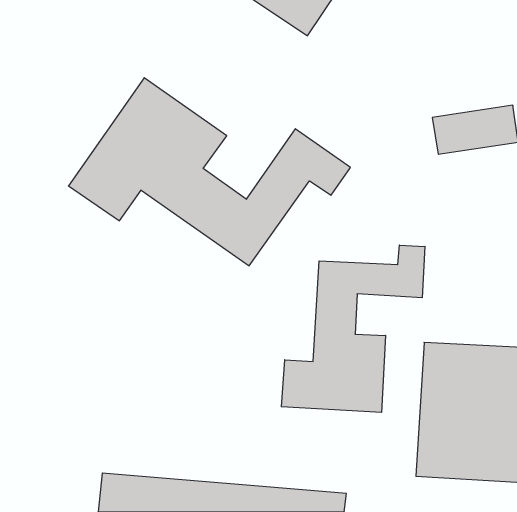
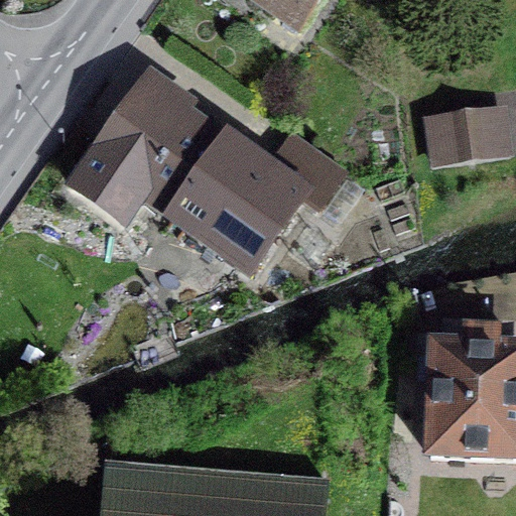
building: [281,245,425,412] -> none

